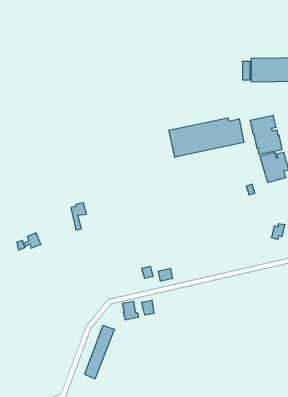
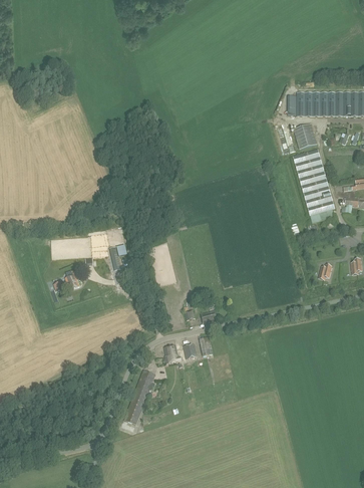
building: none -> [292,124,316,150]
building: [169,118,244,157] -> none

